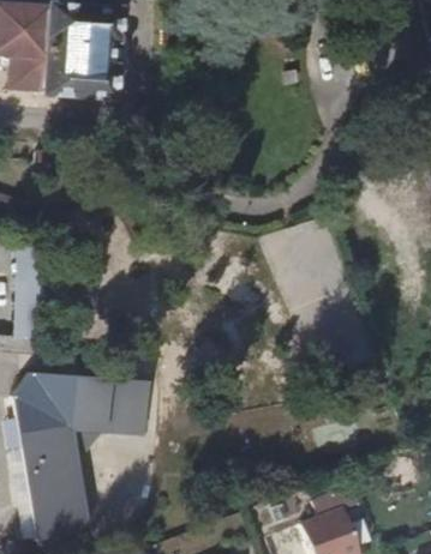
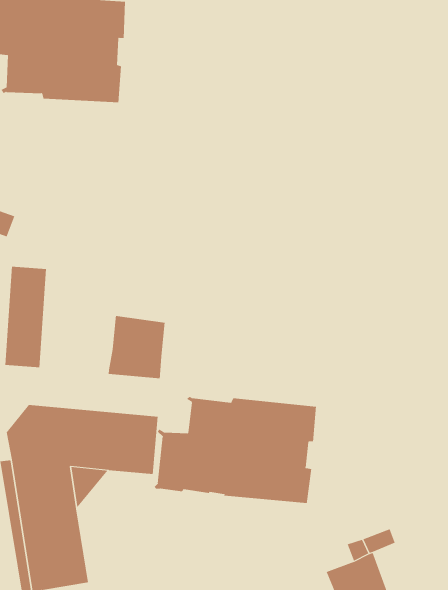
building: none -> [108,315,165,379]
building: none -> [154,396,317,504]

